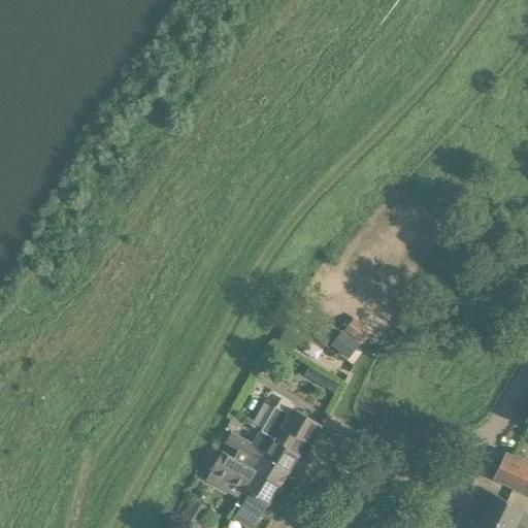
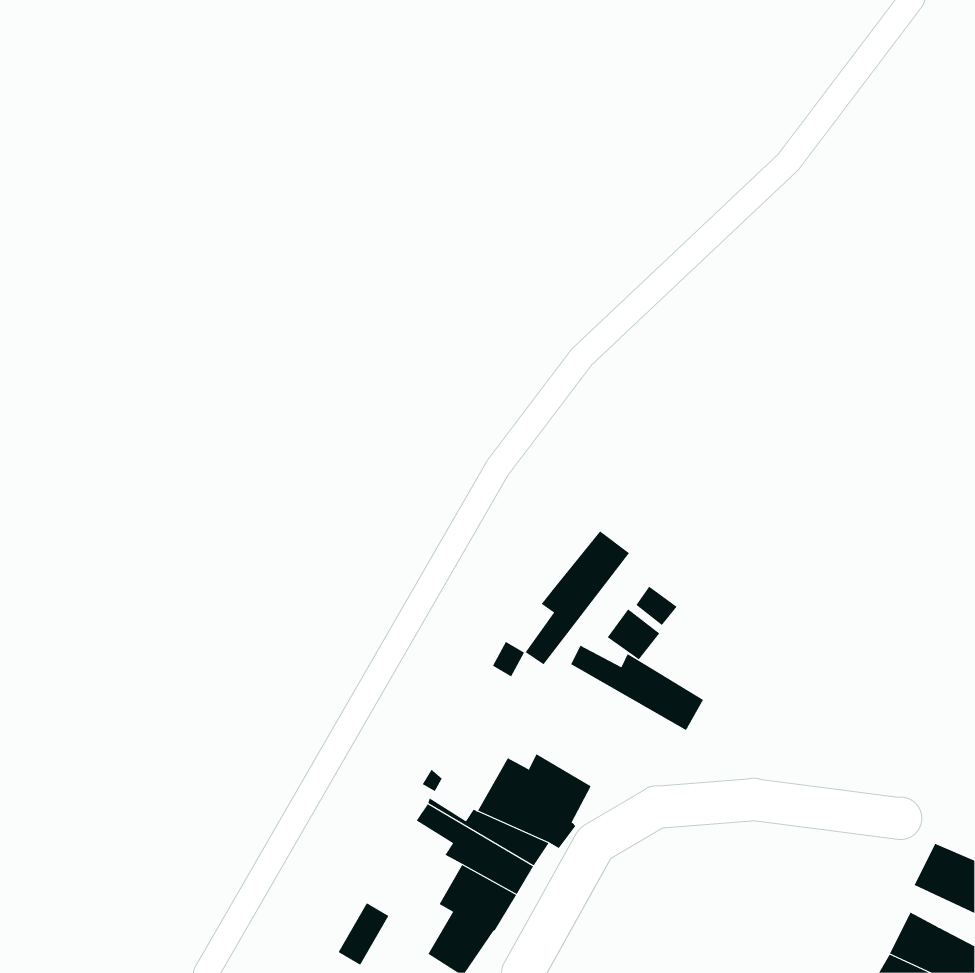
building: none -> [525,531,630,665]
building: none -> [570,645,704,731]
building: [206,452,250,493] -> none

